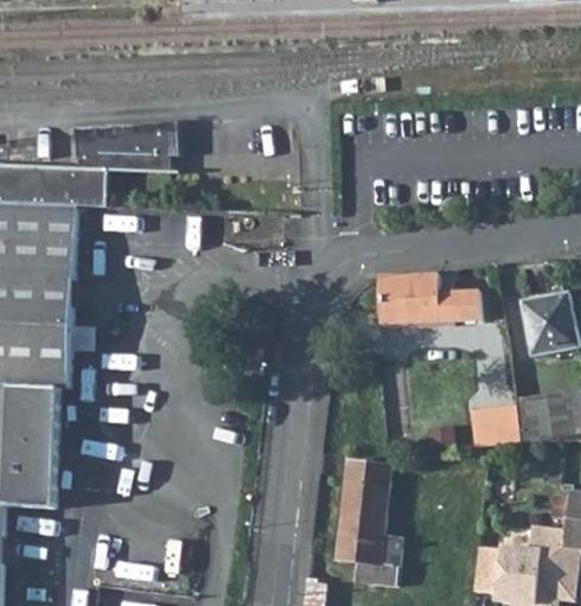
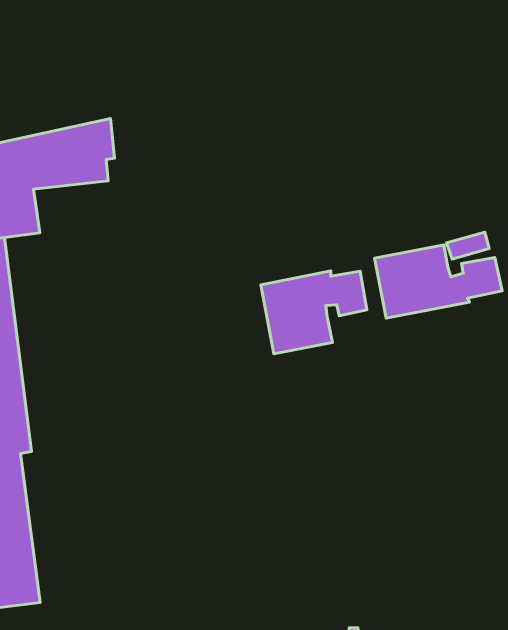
building: none -> [261,271,367,354]
building: [333,460,401,585] -> none

